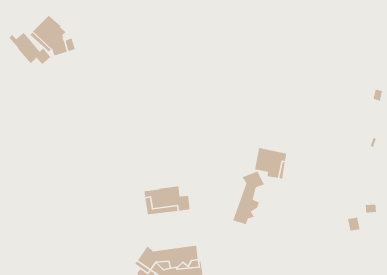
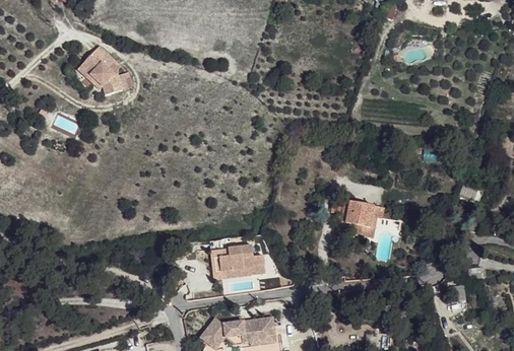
building: [8,32,51,65] -> none
building: [232,171,265,225] -> none

